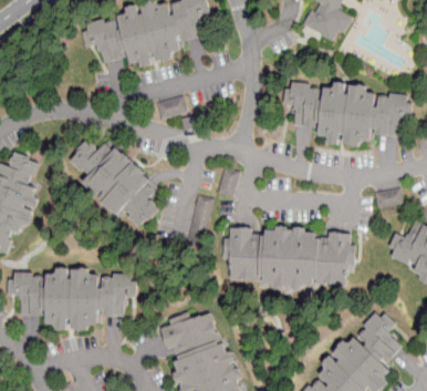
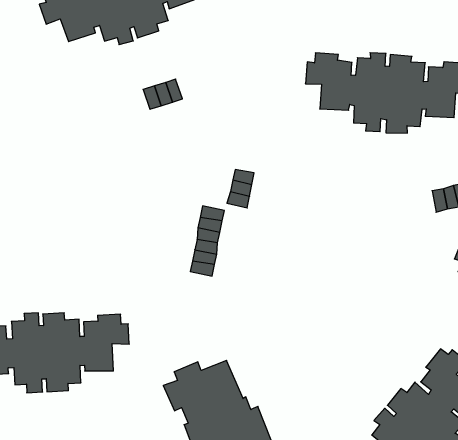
building: [67,140,158,229] -> none
building: [222,227,355,287] -> none

